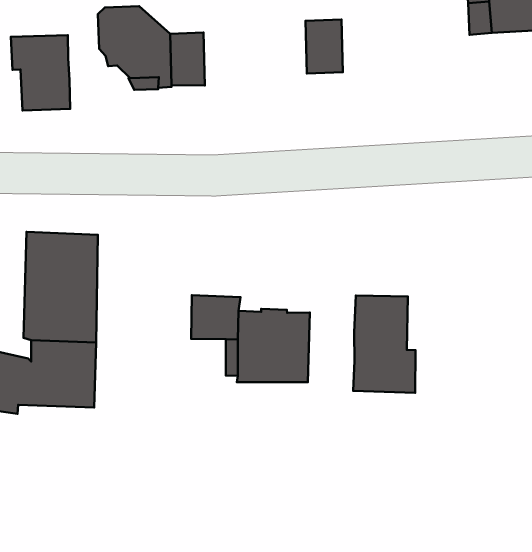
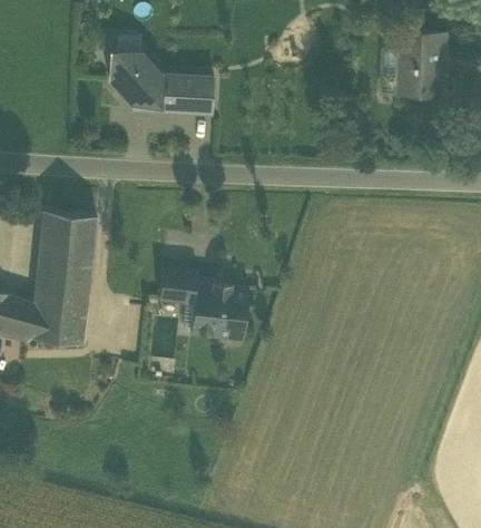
building: [305,19,343,74] -> [185,75,214,115]
building: [11,35,70,111] -> none
building: [353,295,416,393] -> none

